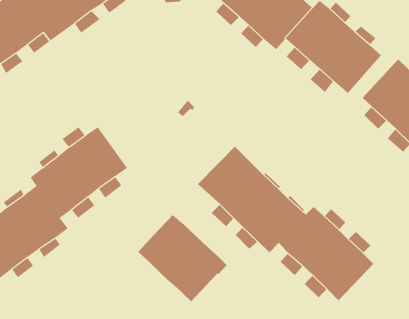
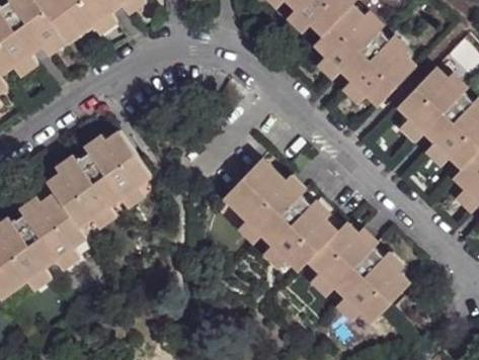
building: [137,214,227,302] -> none

